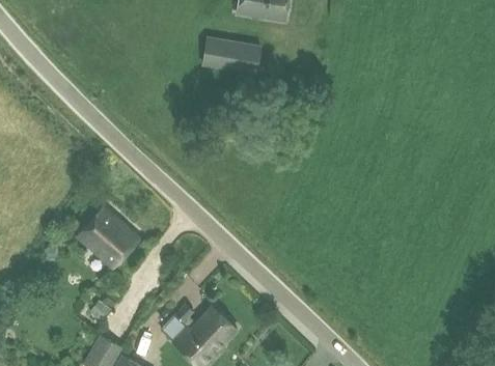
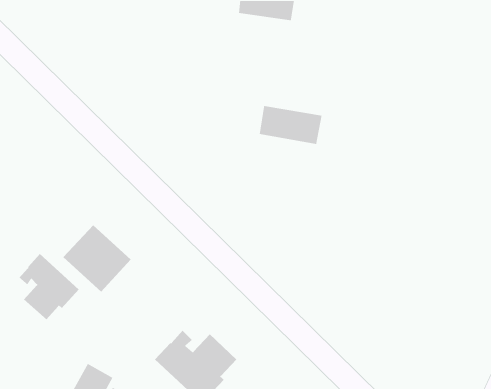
building: [203,37,262,74] -> [259,105,322,145]
building: none -> [18,253,79,320]

